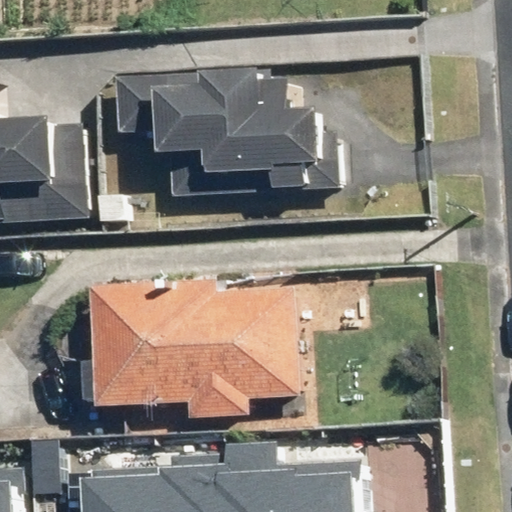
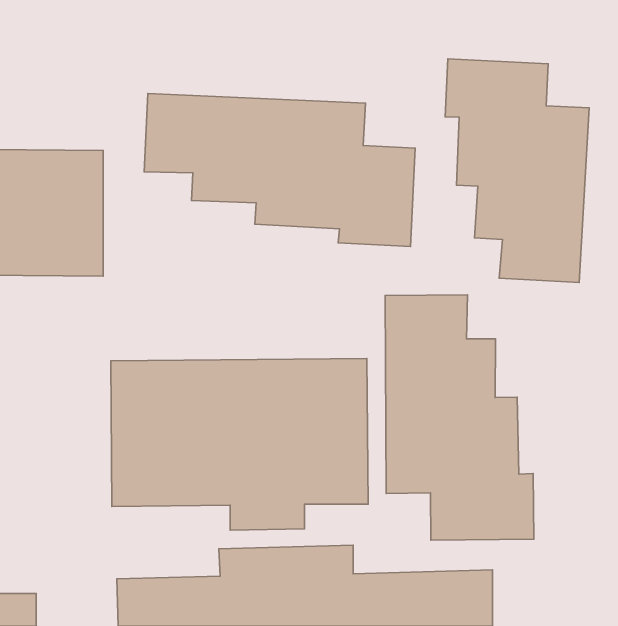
building: none -> [445,59,589,283]
building: none -> [385,295,534,540]

